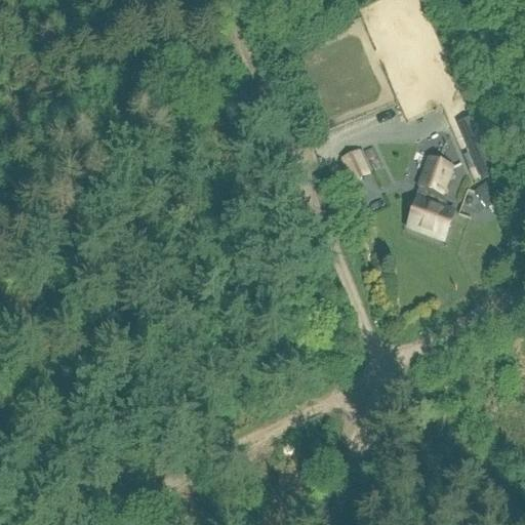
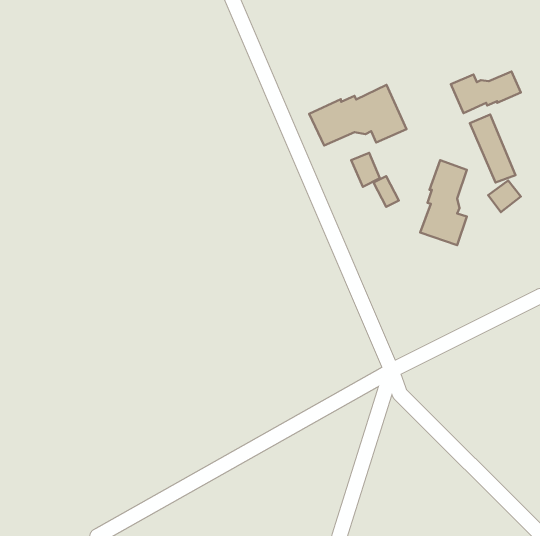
building: none -> [451,72,521,113]
building: none -> [309,85,406,145]

